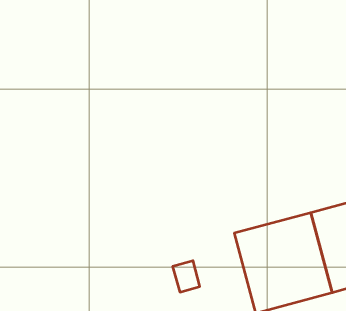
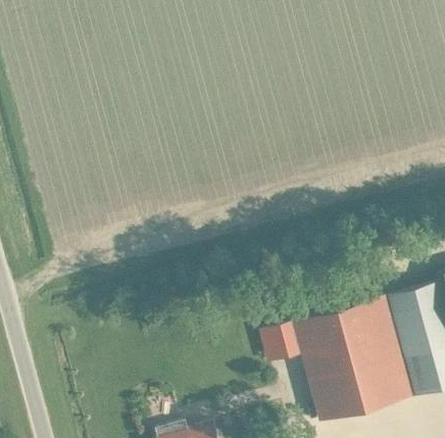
building: [173,261,200,292] -> [260,327,294,366]

